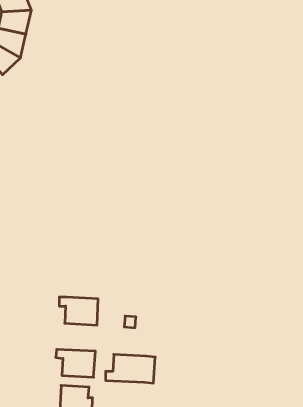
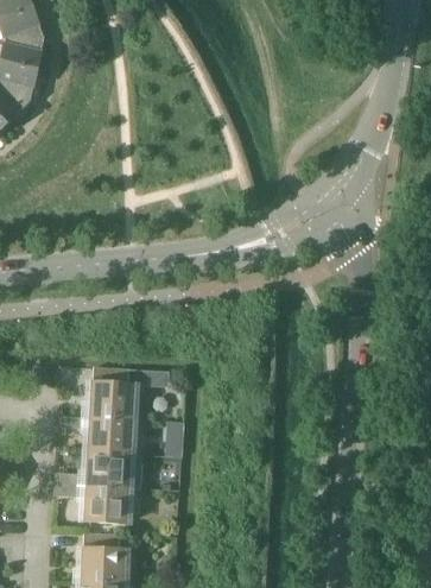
building: none -> [90,369,142,423]
building: [106,354,155,383] -> [77,454,142,492]

